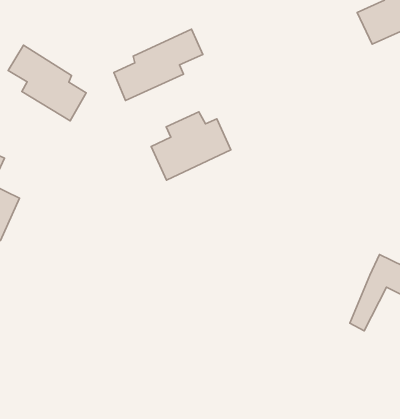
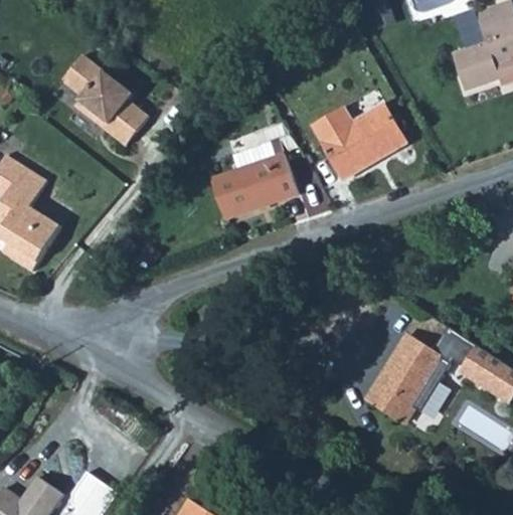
building: [114,29,203,100] -> none
building: none -> [313,107,405,177]
building: none -> [366,332,438,412]

